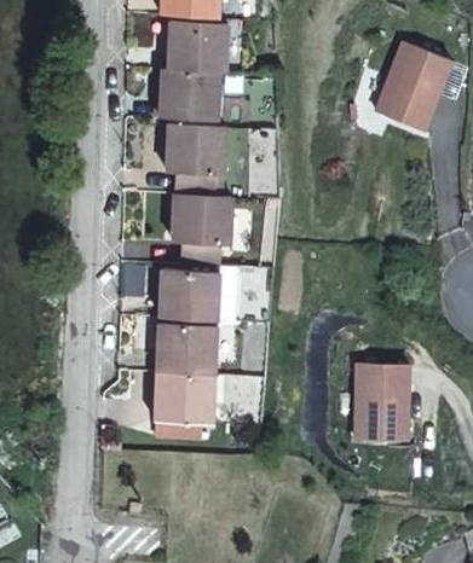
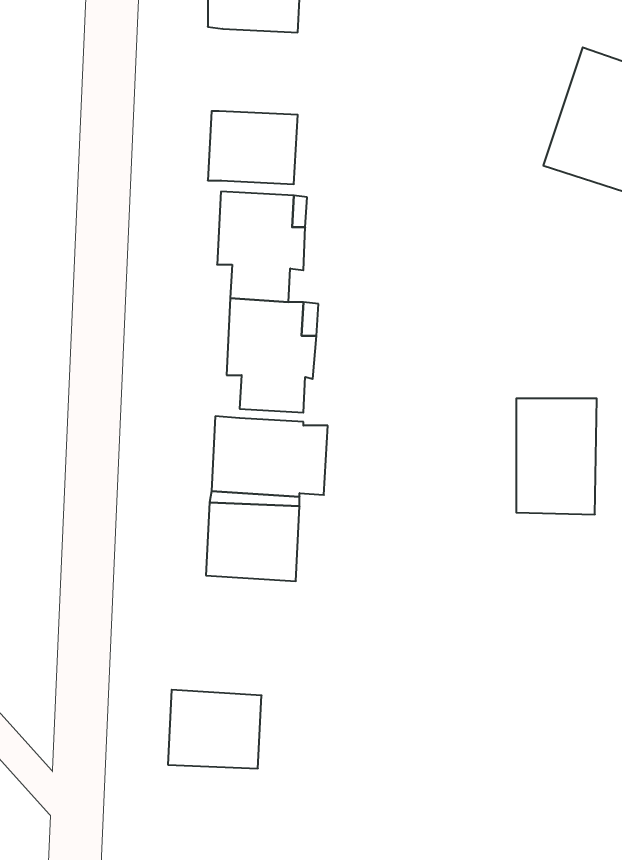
building: [166,25,225,75] -> none
building: [155,372,215,423] -> [168,690,262,768]
building: [362,372,414,447] -> [516,398,597,514]

